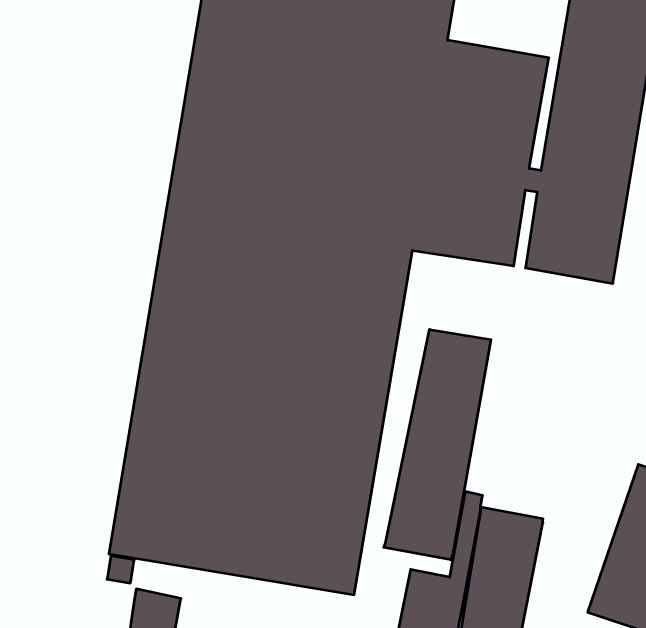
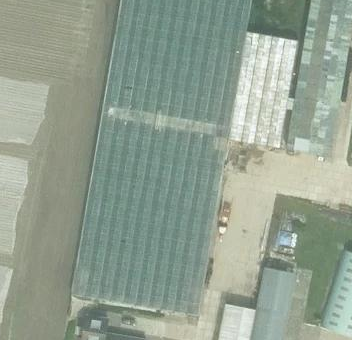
building: [384,329,491,560] -> none

